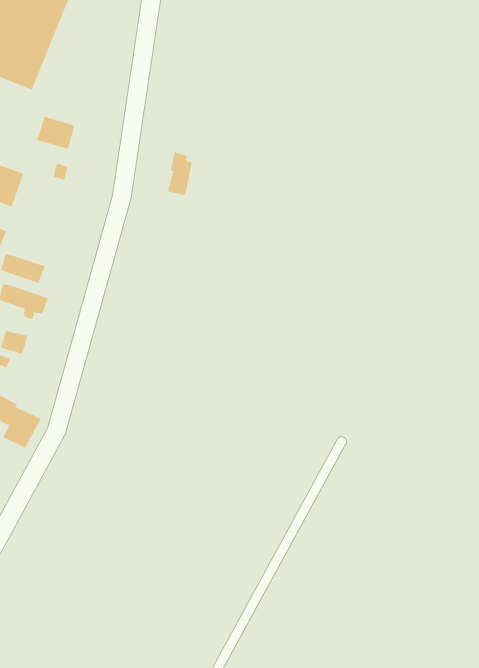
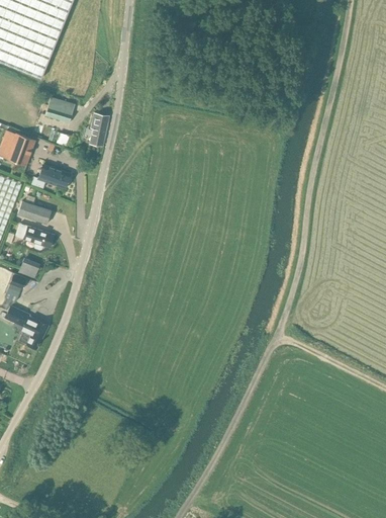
building: [167,151,193,196] -> [88,112,107,146]
building: none -> [30,165,69,188]

